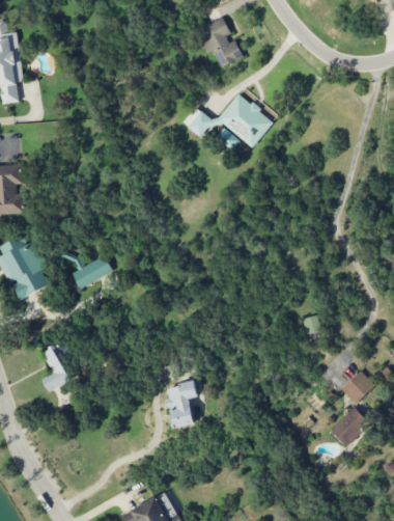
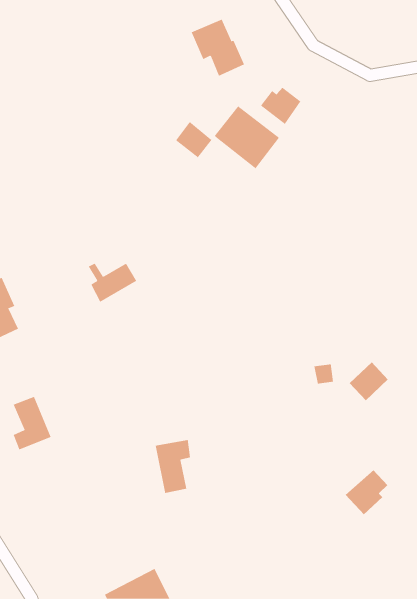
building: none -> [260,87,301,125]
building: [71,255,113,290] -> [88,263,137,303]
building: [341,371,375,405] -> [349,362,389,401]

